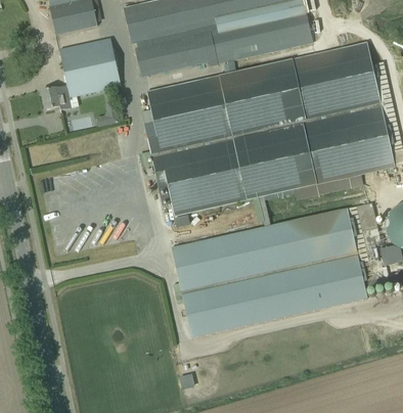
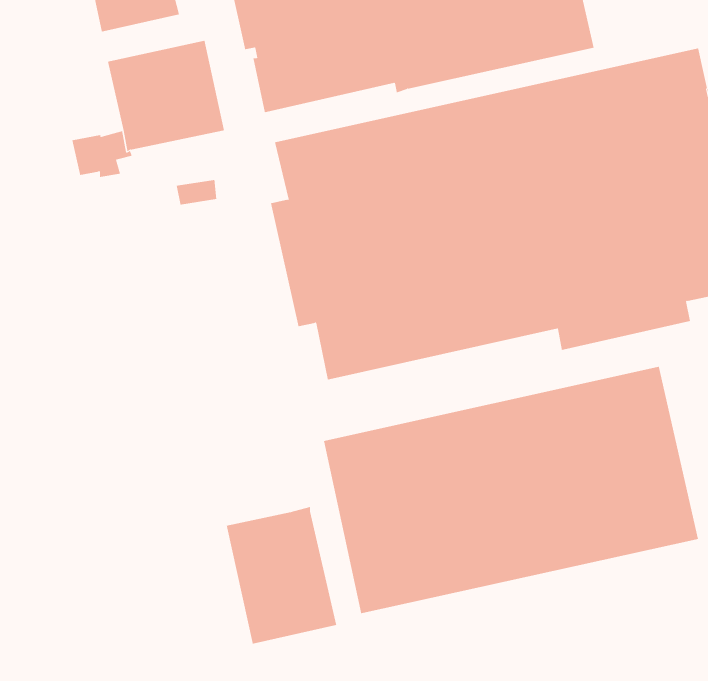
building: none -> [226,506,337,645]

